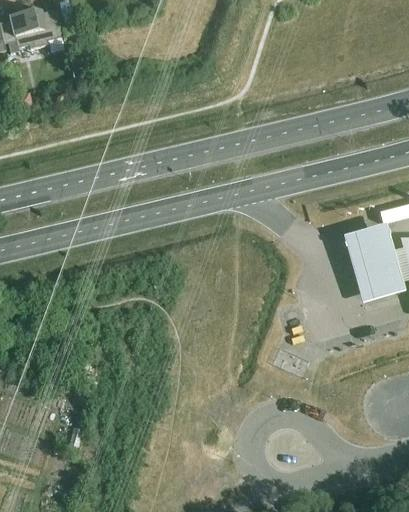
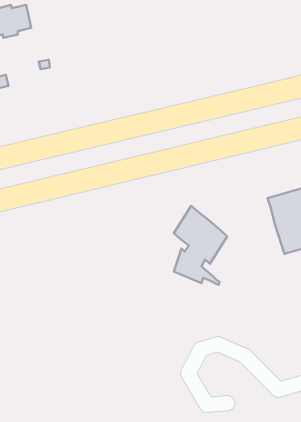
building: none -> [174,206,227,285]

